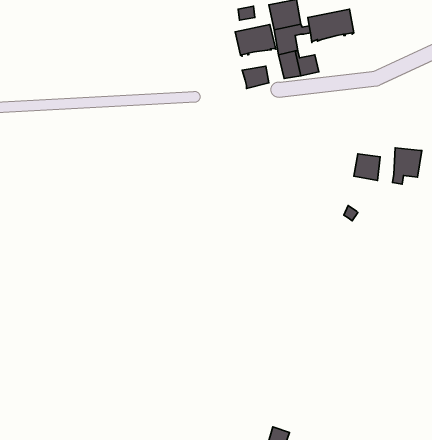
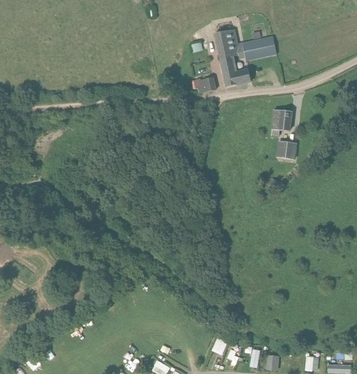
building: [235,24,276,56] -> none
building: [392,148,422,184] -> [270,109,291,135]

